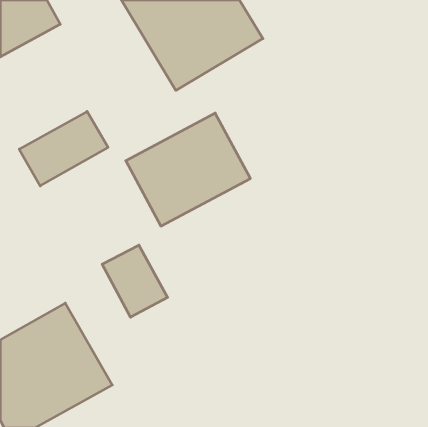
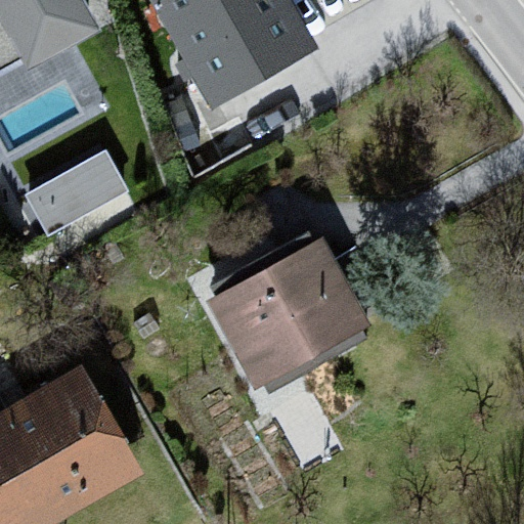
building: [126,113,250,226] -> [213,245,365,383]
building: [102,245,168,317] -> none

